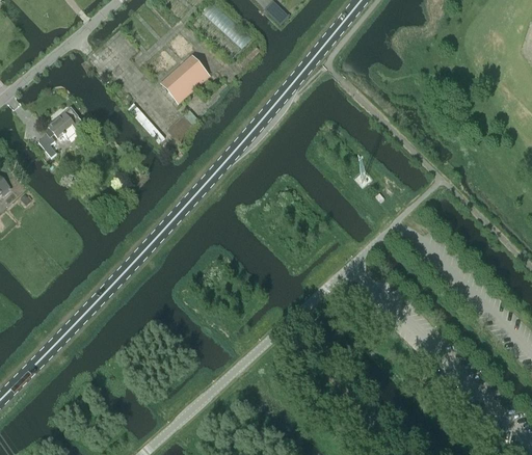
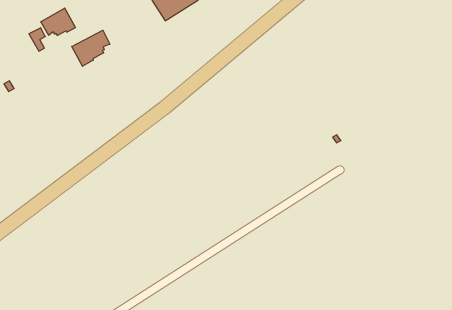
building: none -> [72,30,110,66]

